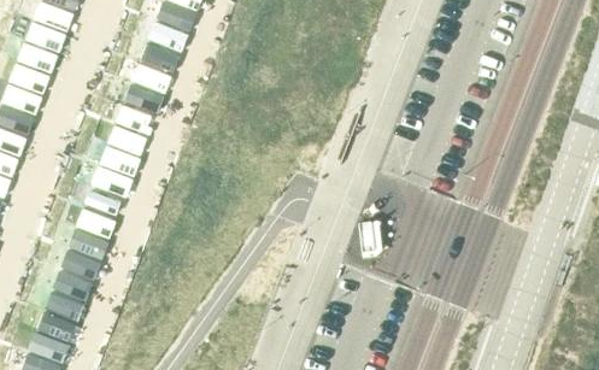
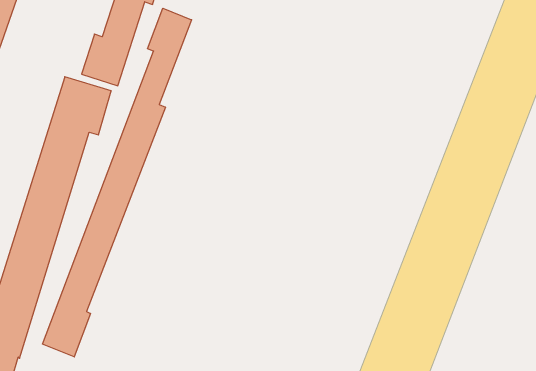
building: none -> [42,8,192,357]

